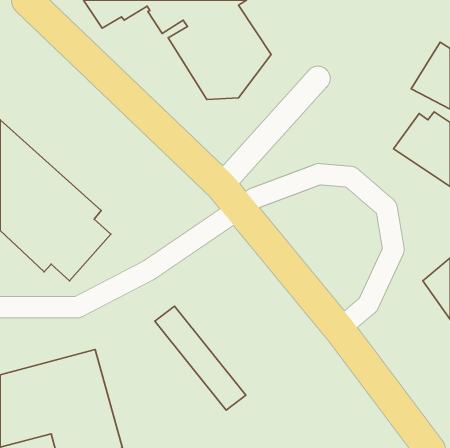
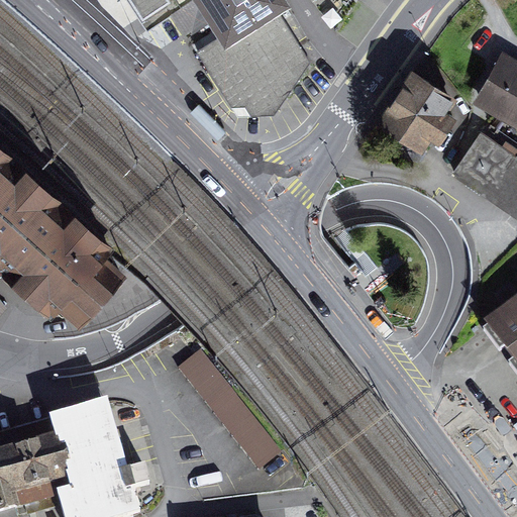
building: none -> [377,65,457,148]

